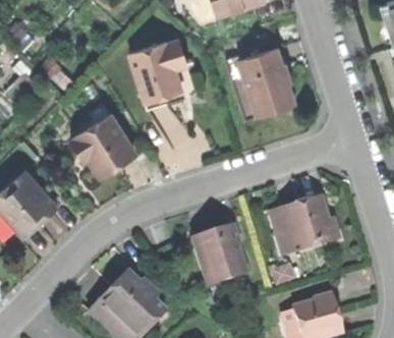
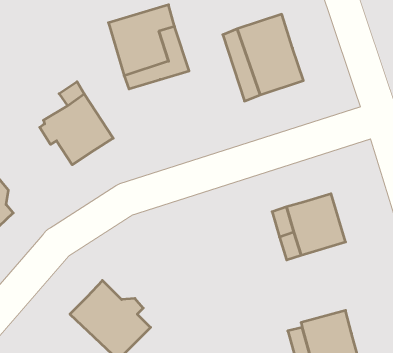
building: [192,226,246,283] -> none

